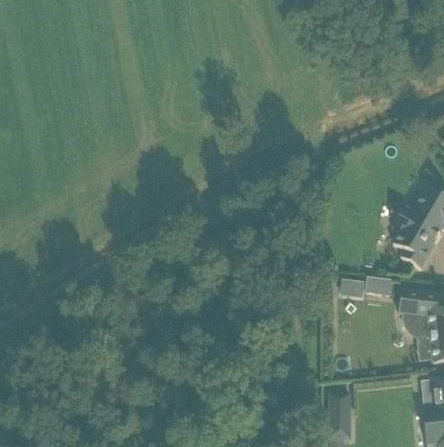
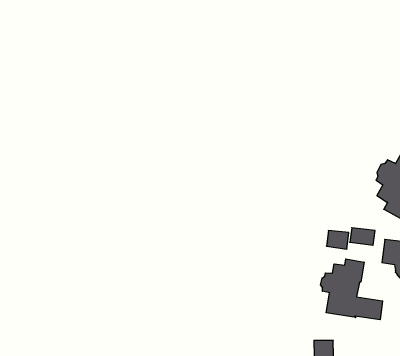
building: none -> [321,259,383,320]

